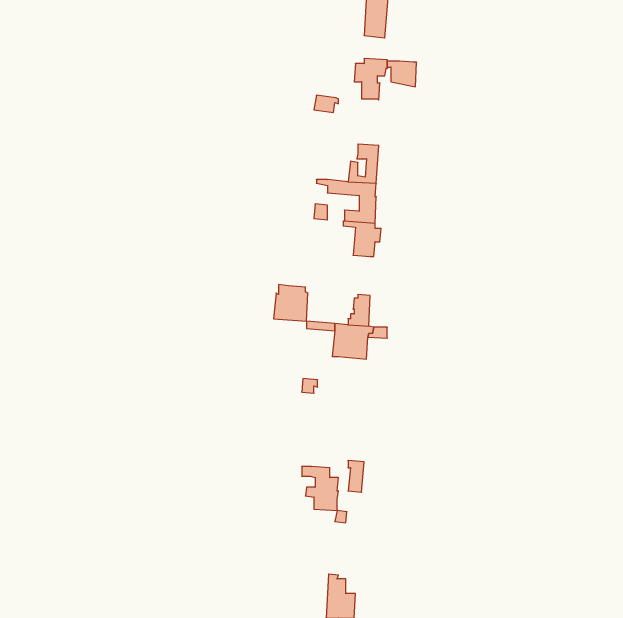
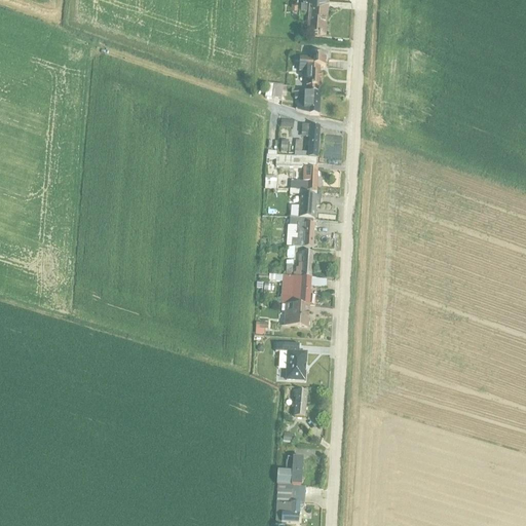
building: [387,61,417,87] -> [294,89,318,111]
building: [274,285,308,321] -> [285,214,313,245]
building: none -> [280,300,308,324]
building: [302,467,338,511] -> [274,340,305,377]
building: none -> [275,455,302,483]

